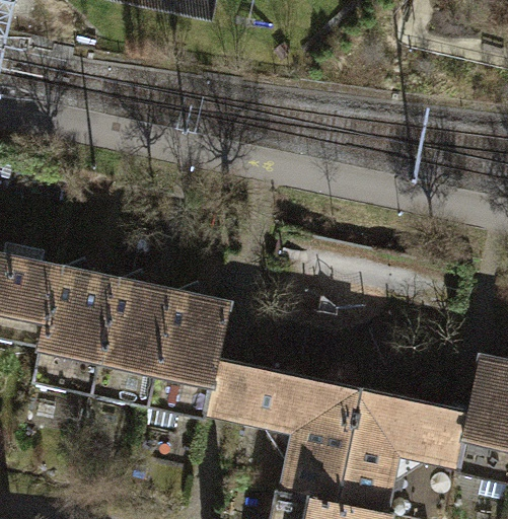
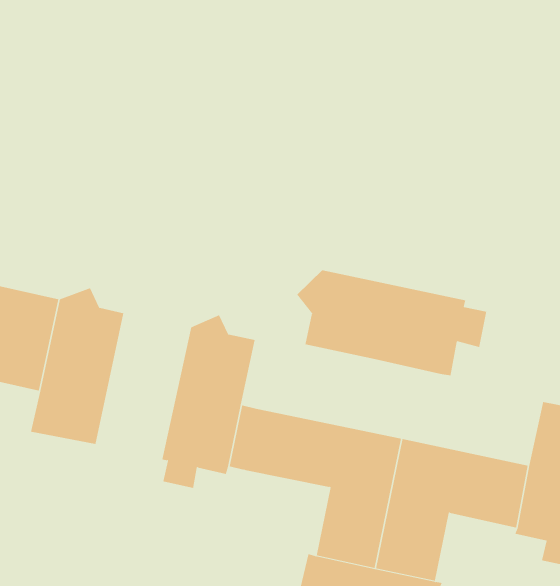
building: none -> [296,270,487,376]
building: [91,268,173,405] -> none

